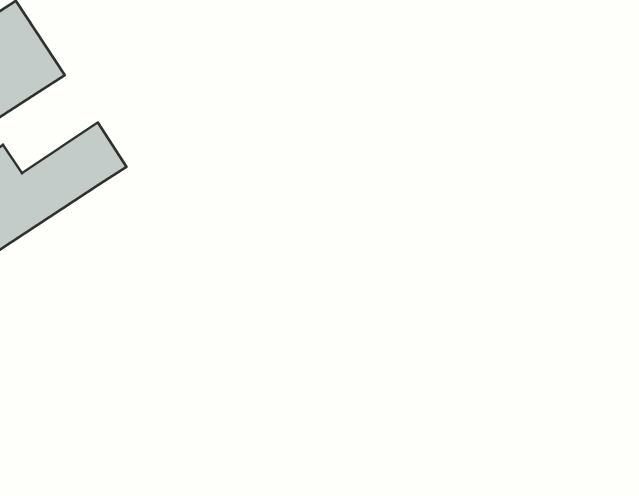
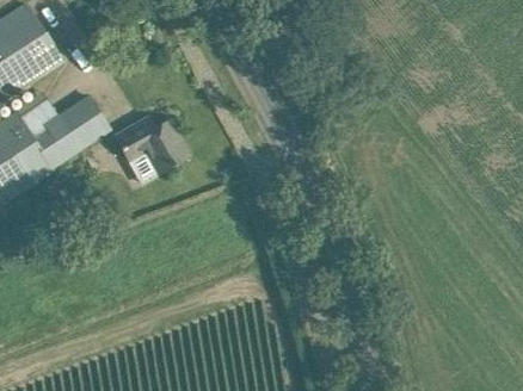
building: none -> [115,114,189,182]

